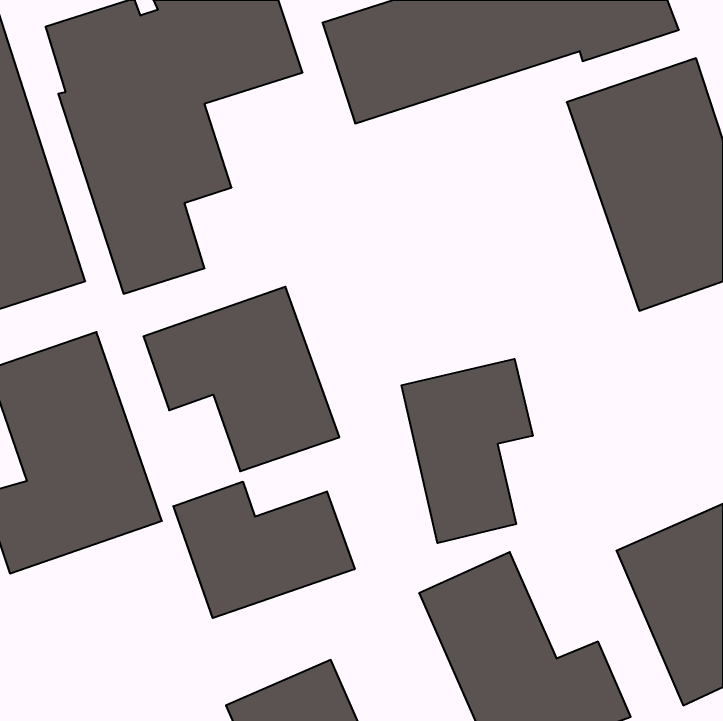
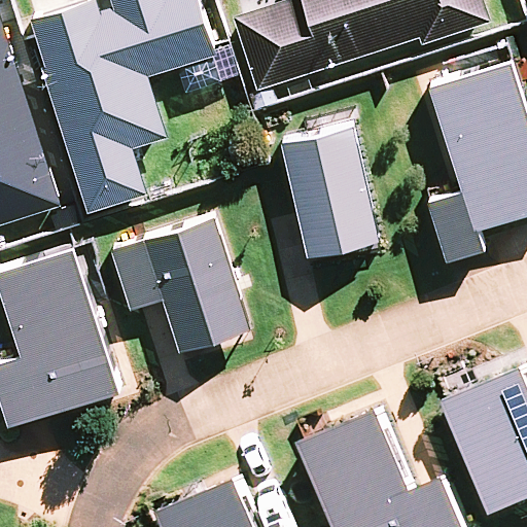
building: none -> [274,120,368,246]
building: [401,359,533,543] -> none
building: [173,482,355,618] -> none

